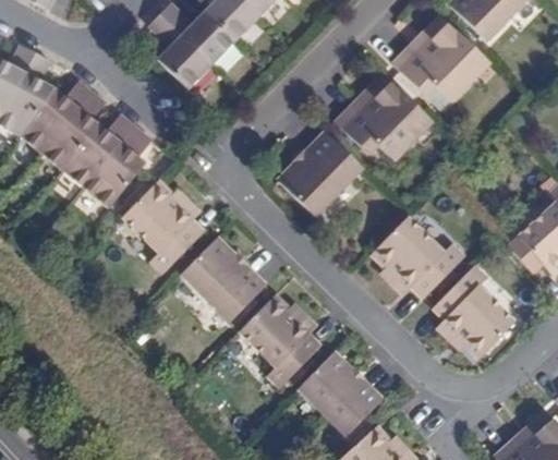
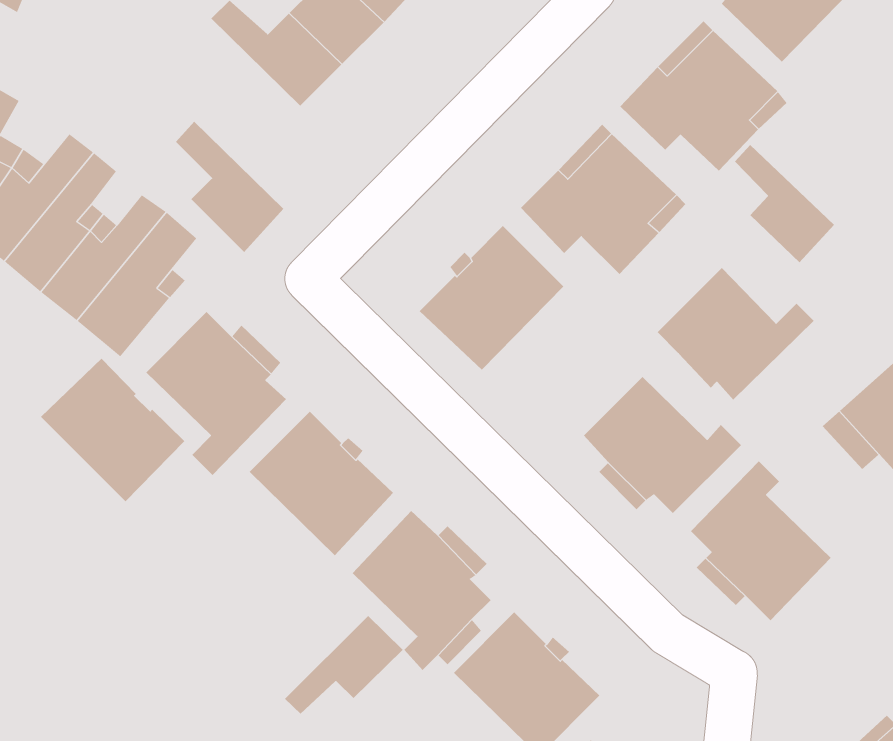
building: [148,14,210,89] -> [175,121,284,253]
building: none -> [734,144,835,263]
building: none -> [657,267,814,401]
building: none -> [40,358,185,502]
building: none -> [284,615,403,715]

